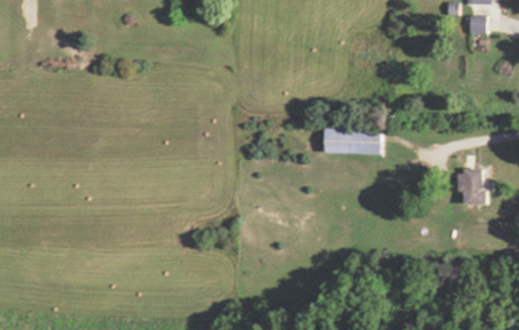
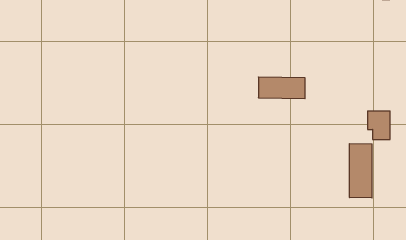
building: none -> [350,144,372,198]

